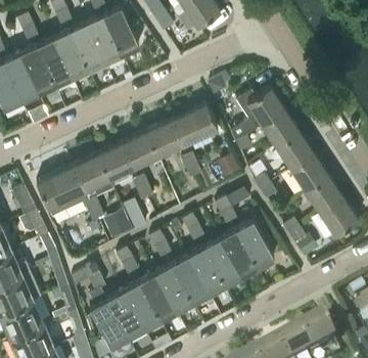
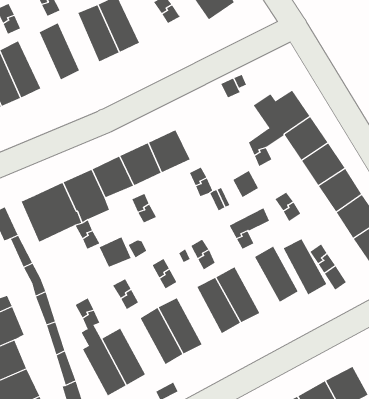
building: [70,21,104,71] -> none
building: [36,38,72,86] -> none
building: [170,104,218,146] -> none
building: [220,229,258,277] -> [283,239,327,295]
building: [171,255,209,304] -> none
building: [123,281,160,329] -> none

